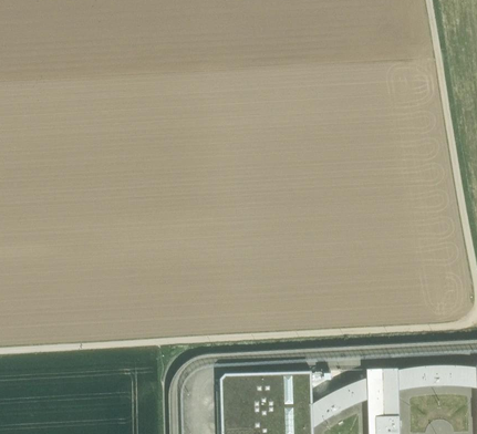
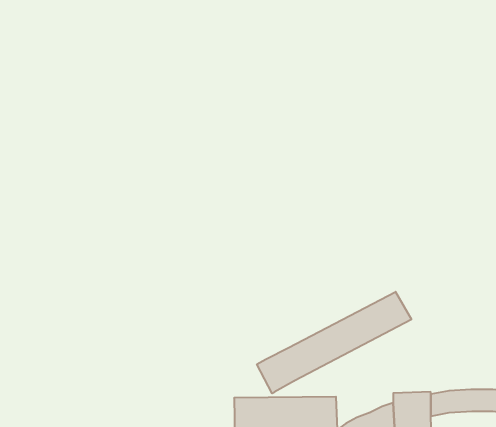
building: none -> [257,292,411,393]

